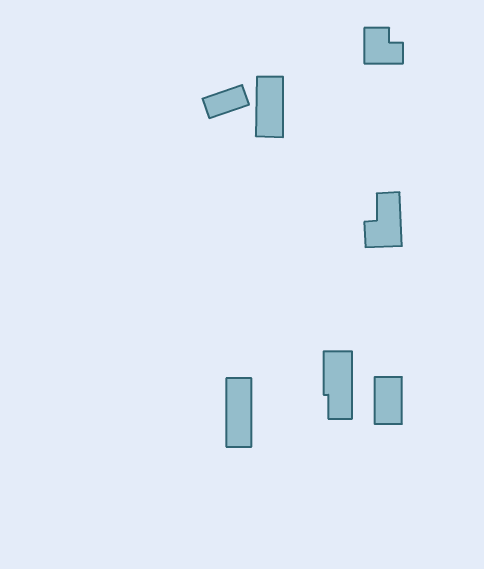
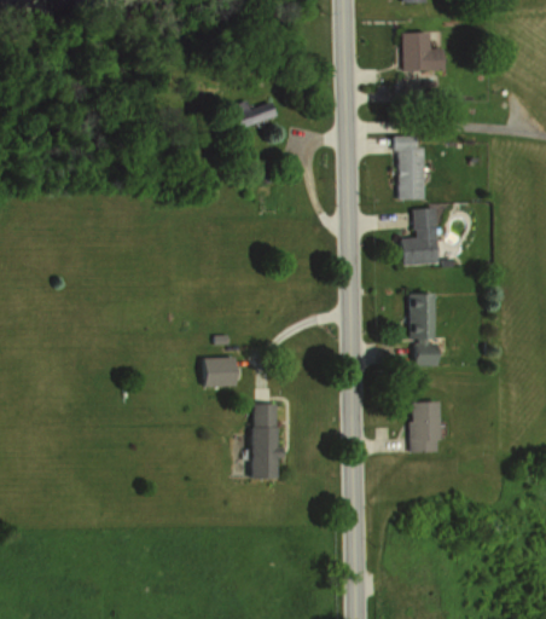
building: [256,77,283,137] -> [394,135,423,199]
building: none -> [204,358,240,386]
building: [324,351,352,419] -> [410,294,440,365]

